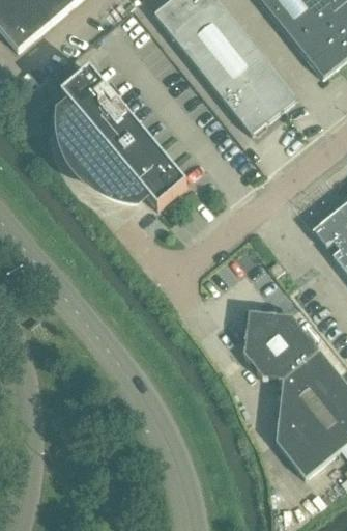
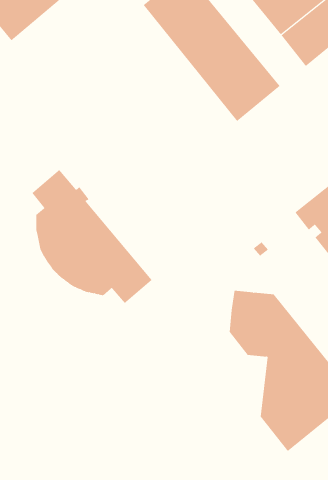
building: [61,68,186,208] -> [32,169,152,304]

